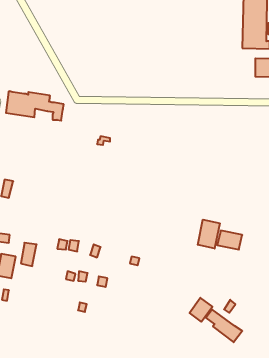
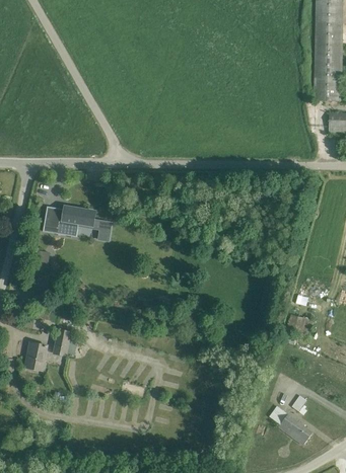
building: [6,91,64,121] -> [43,206,111,240]
building: [198,220,220,249] -> none
building: [190,298,212,322] -> none

